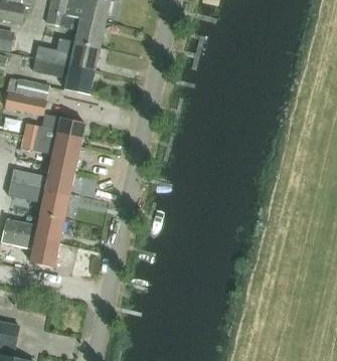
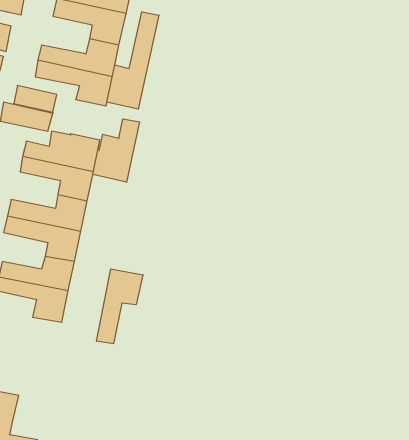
building: none -> [107,12,159,109]
building: none -> [93,119,139,182]
building: none -> [97,269,143,344]

